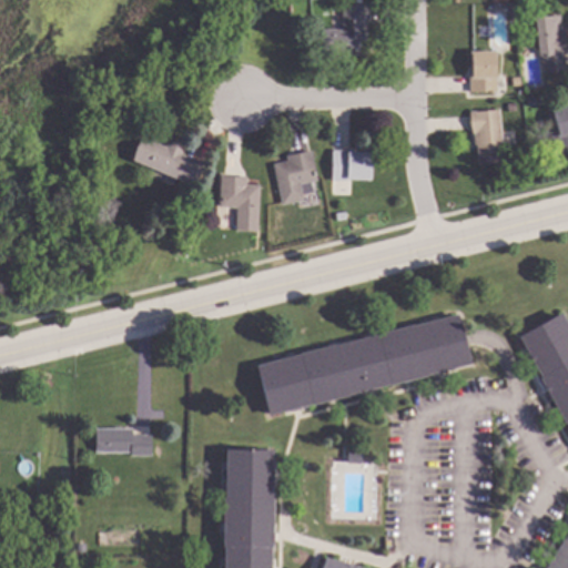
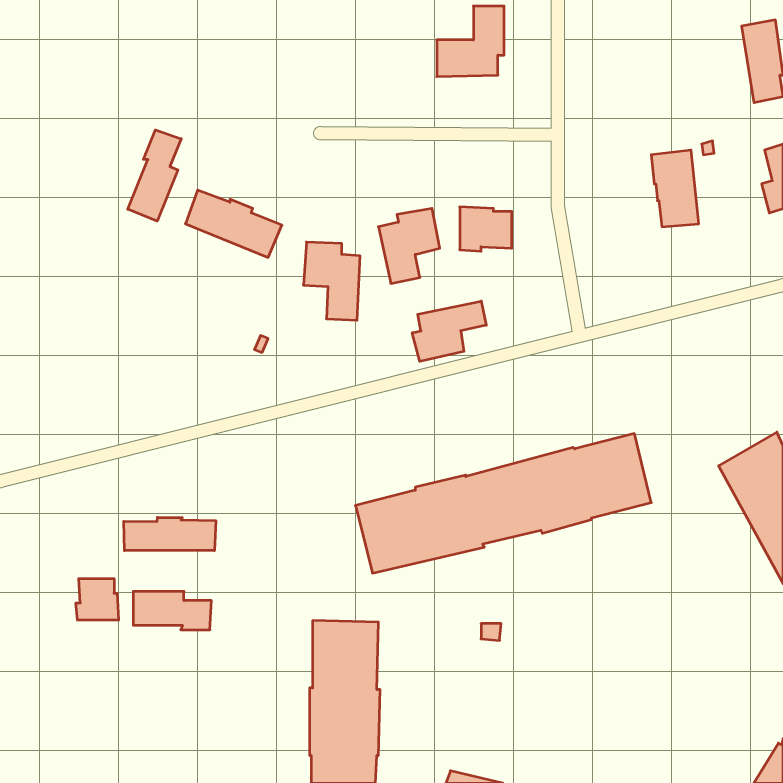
building: [469,50,498,92] -> none
building: none -> [128,130,181,221]
building: none -> [412,301,486,361]
building: none -> [124,517,216,551]
building: none -> [76,579,119,620]

